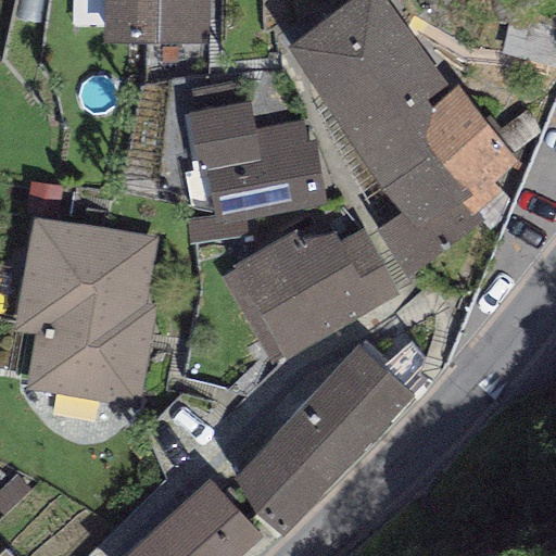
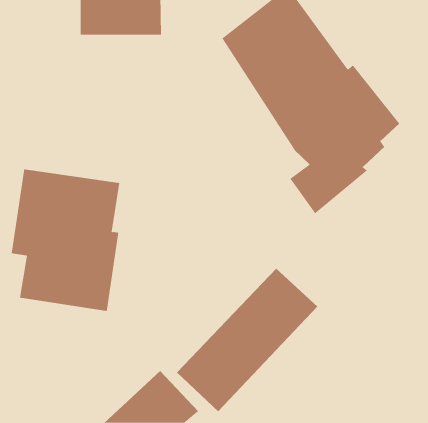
building: [188,98,329,236] -> none
building: [222,228,406,365] -> none

